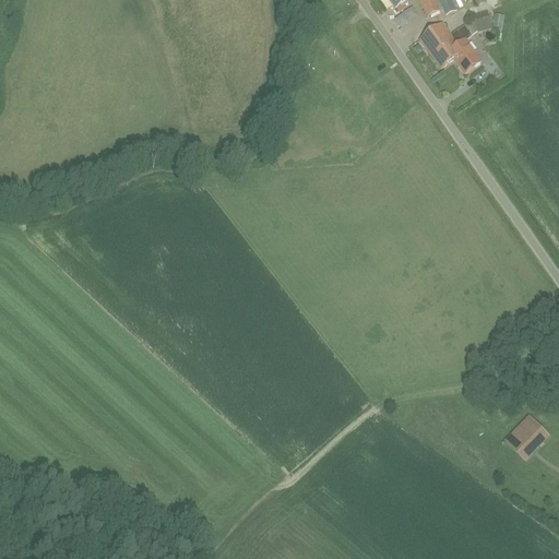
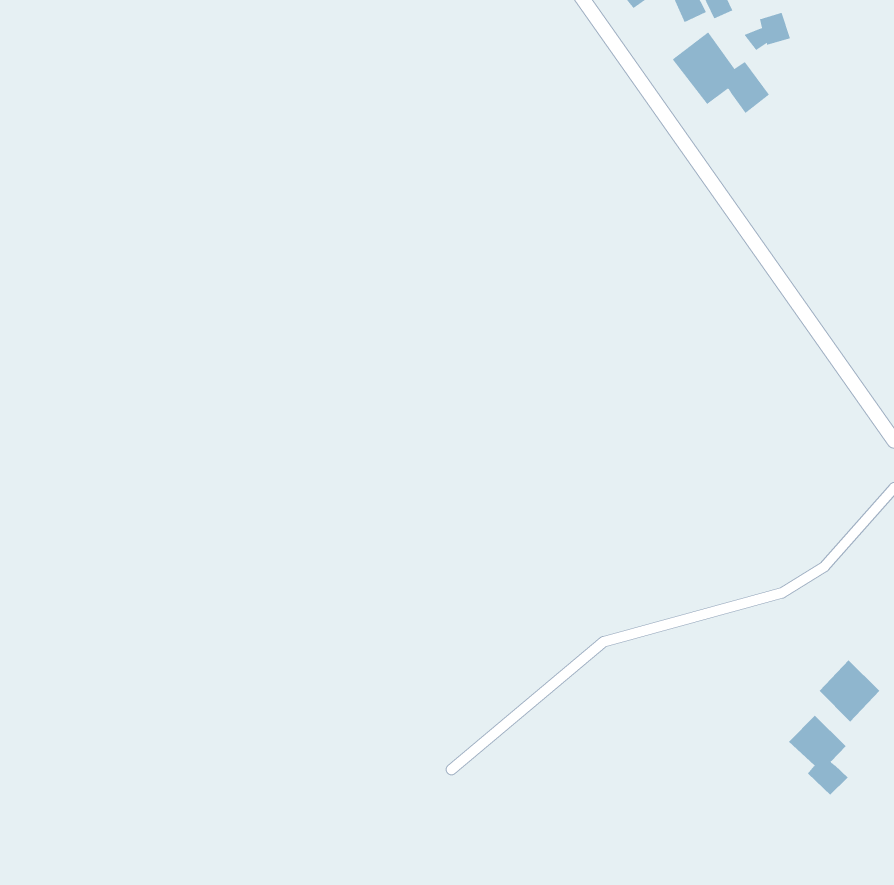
building: none -> [788,715,849,796]

